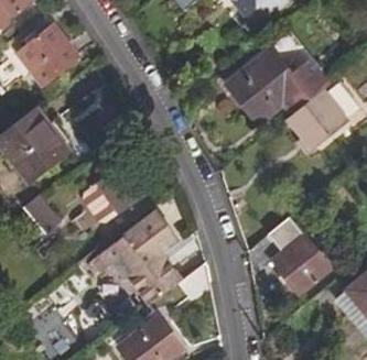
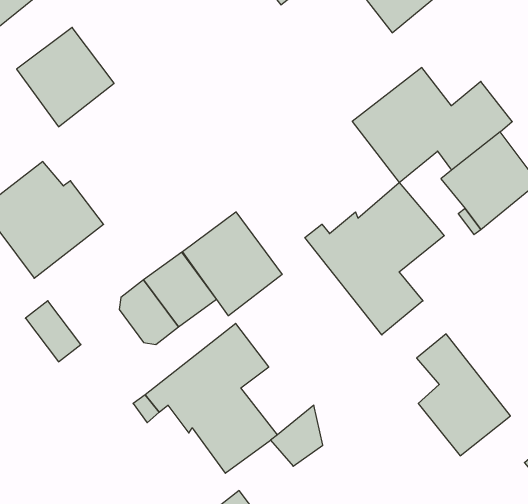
building: none -> [305,182,444,335]
building: none -> [183,212,282,316]

